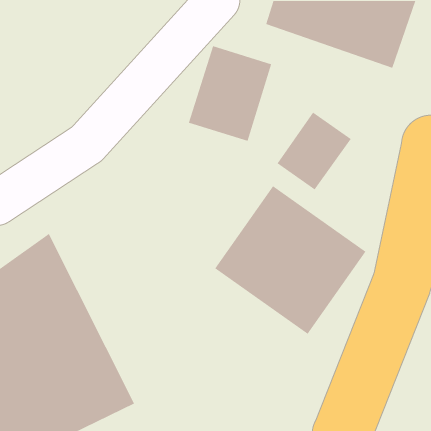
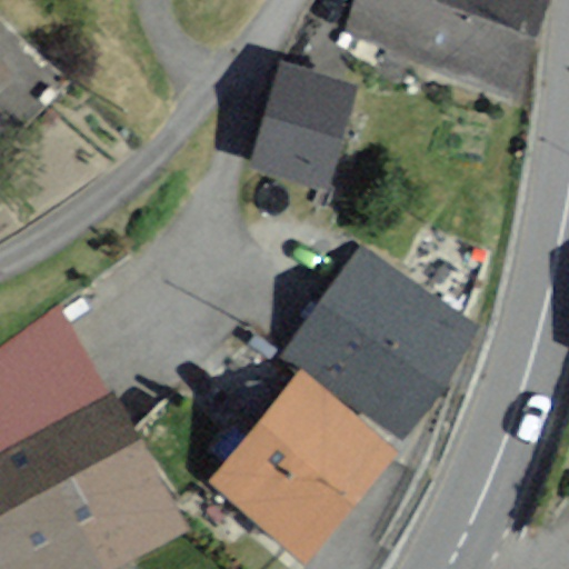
building: [276,111,352,191] -> none
building: none -> [208,375,392,561]

